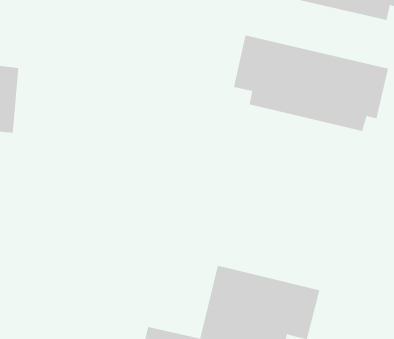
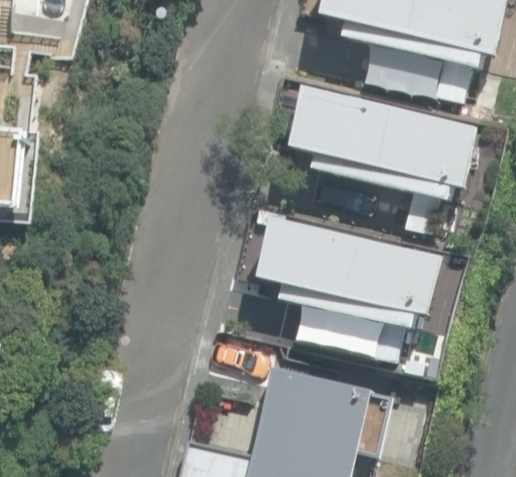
building: none -> [257,218,443,334]

